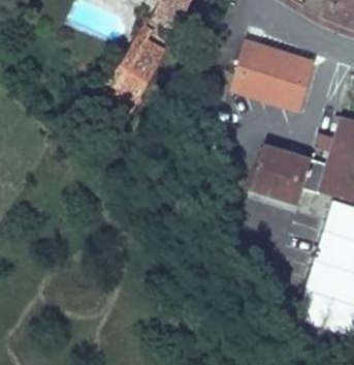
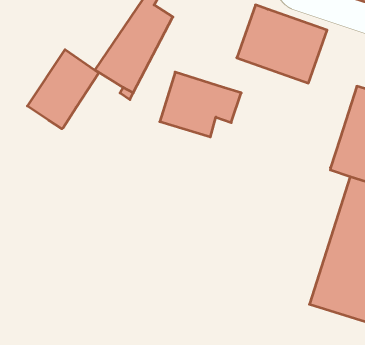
building: none -> [27,50,99,129]
building: [250,144,326,205] -> [160,72,241,137]

